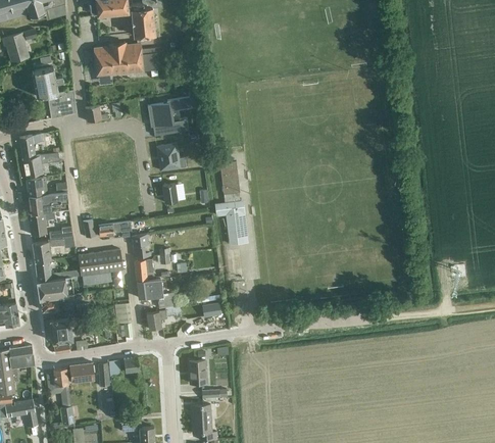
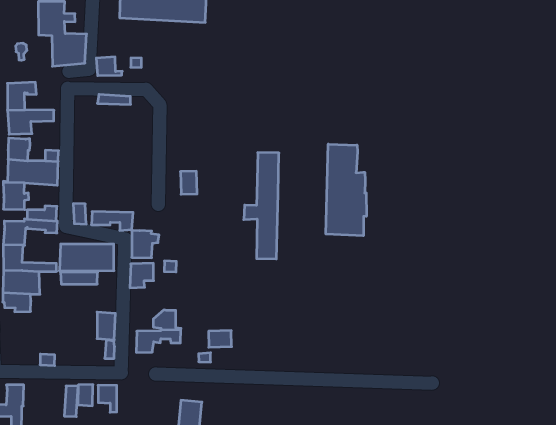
building: [146,97,190,136] -> none
building: [155,143,185,170] -> none
building: none -> [326,144,366,236]
building: [136,280,161,298] -> none
building: [49,317,72,354] -> none
building: [65,362,94,383] -> none

